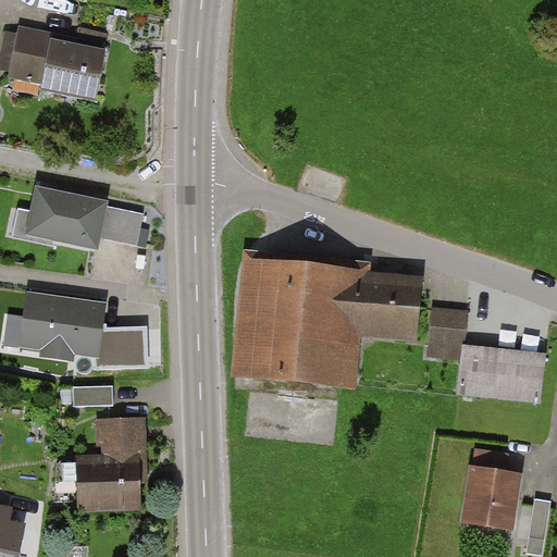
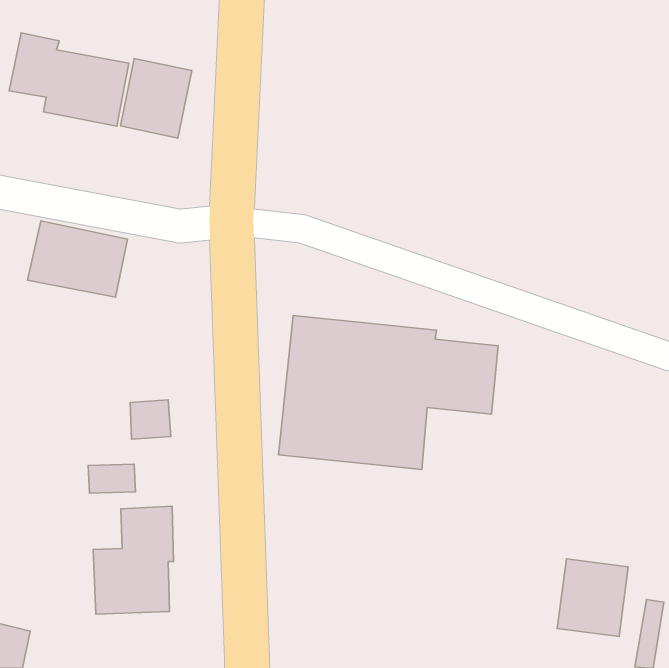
building: none -> [120,59,192,138]
building: [99,203,143,245] -> none
building: [16,289,106,356] -> none
building: [428,308,542,401] -> none

